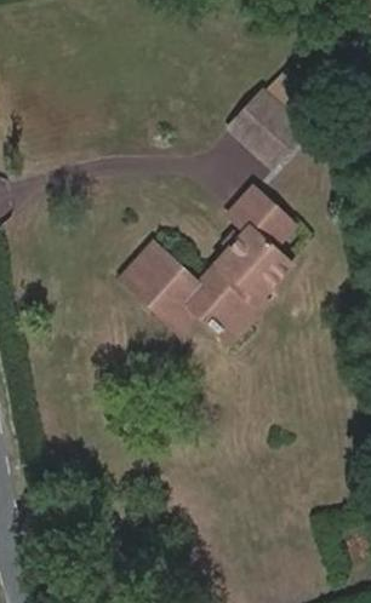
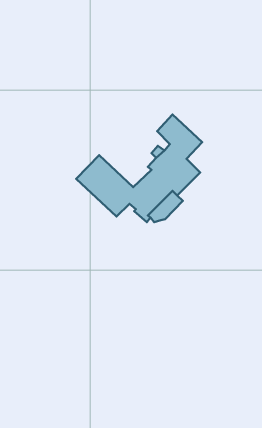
building: [232,88,312,170] -> none

